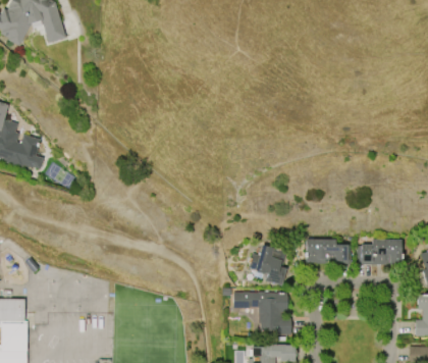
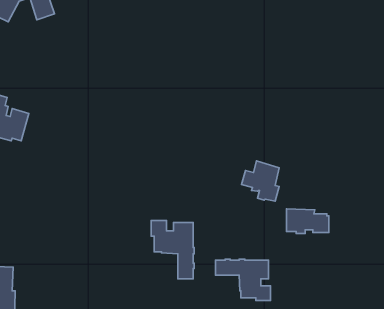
building: [357,240,402,264] -> none
building: [248,243,286,284] -> [242,161,279,201]
building: none -> [151,221,194,279]

